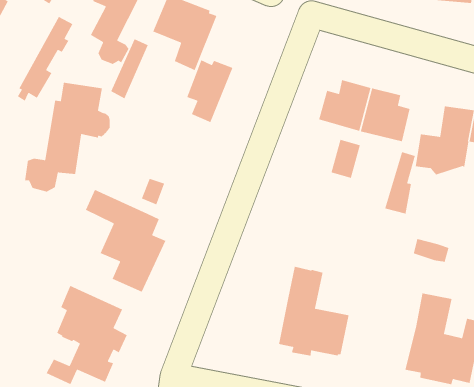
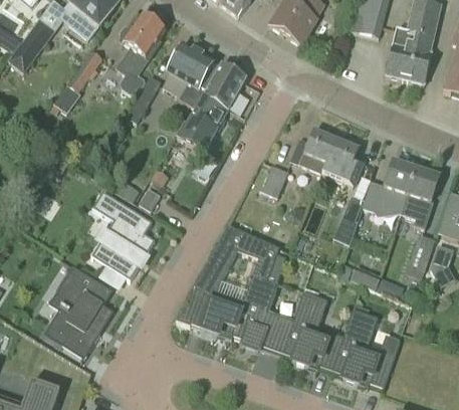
building: none -> [202,64,244,108]
building: [24,82,111,192] -> none
building: [331,139,361,179] -> [261,163,288,196]
building: none -> [242,233,278,278]
building: none -> [176,239,245,339]
building: none -> [280,291,345,369]

